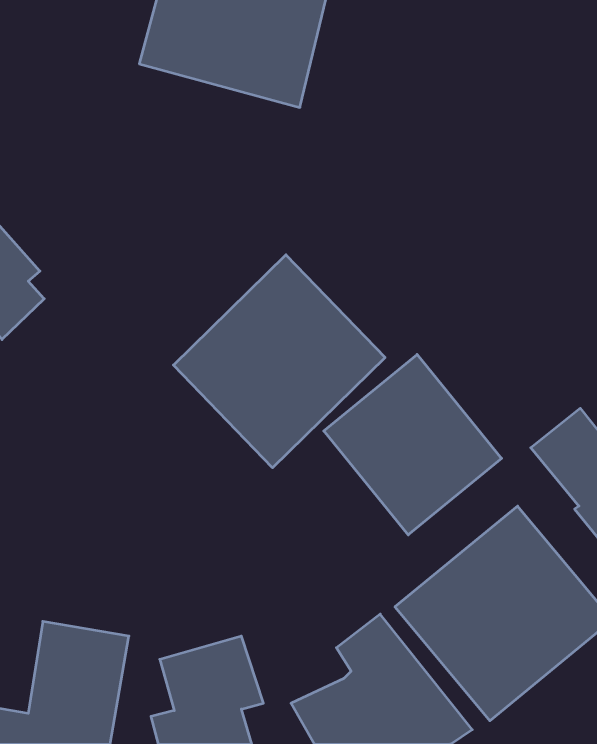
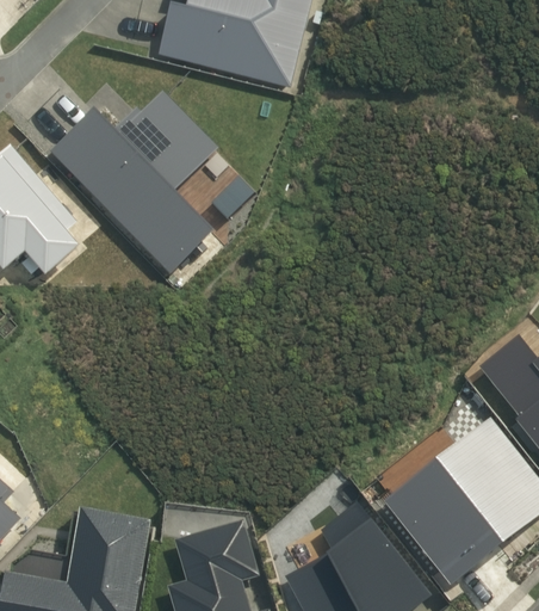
building: none -> [50,91,219,273]
building: [173,255,385,468] -> none
building: [324,354,502,535] -> none

